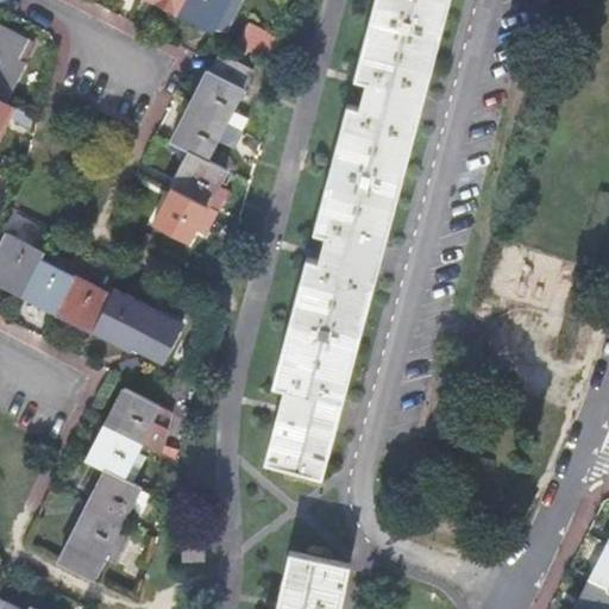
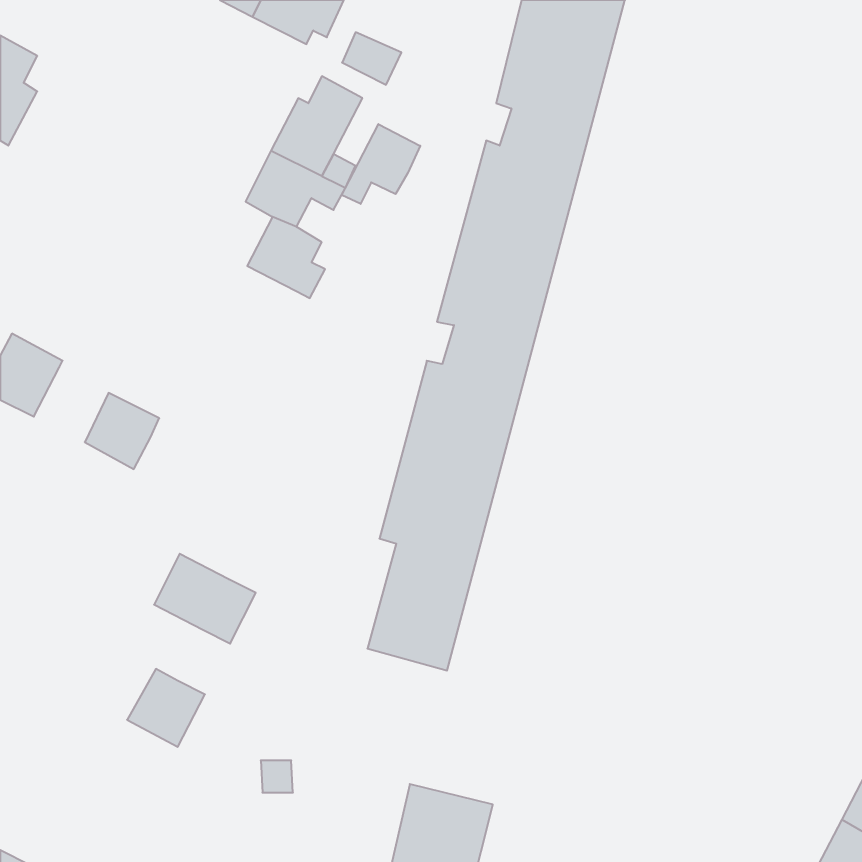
building: none -> [342,124,420,204]
building: [157,189,211,244] -> none
building: [26,260,79,313] -> none
building: [96,291,184,362] -> none
building: [93,427,145,481] -> none
building: [65,508,127,582] -> none

